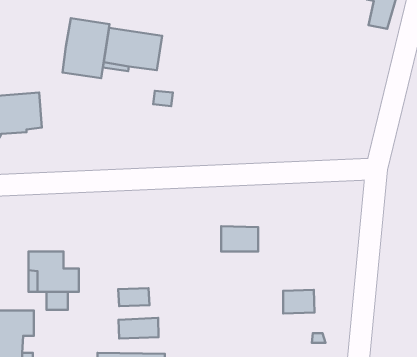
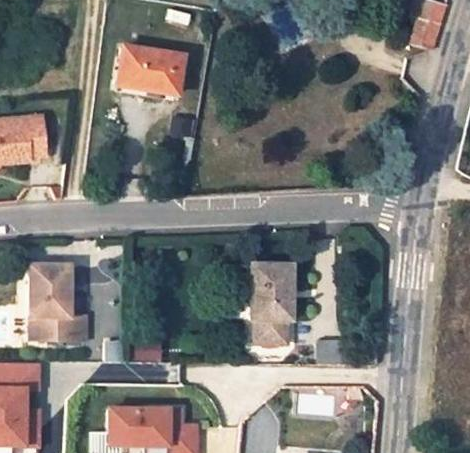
building: [63,18,110,78] -> none
building: none -> [33,265,72,295]
building: none -> [248,295,289,343]
building: [118,318,159,338] -> none

